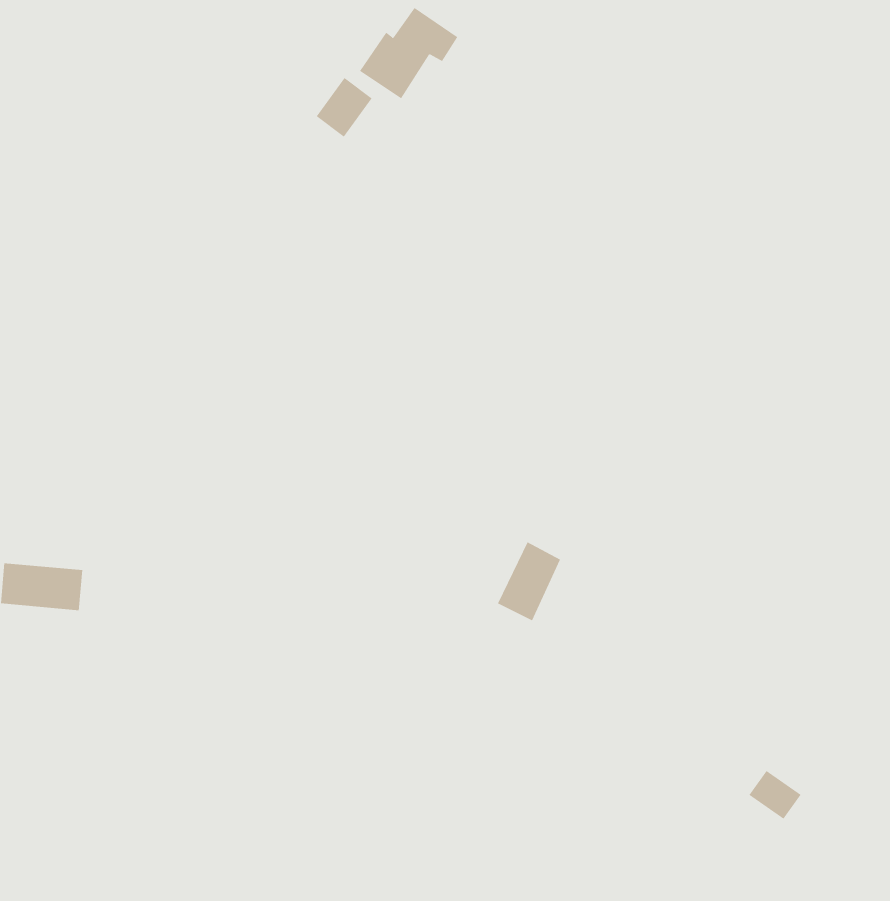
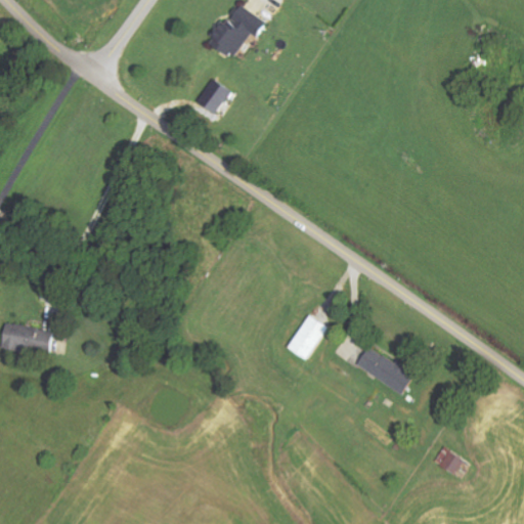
building: [316,77,372,137] -> [195,78,228,113]
building: none -> [356,345,412,394]

